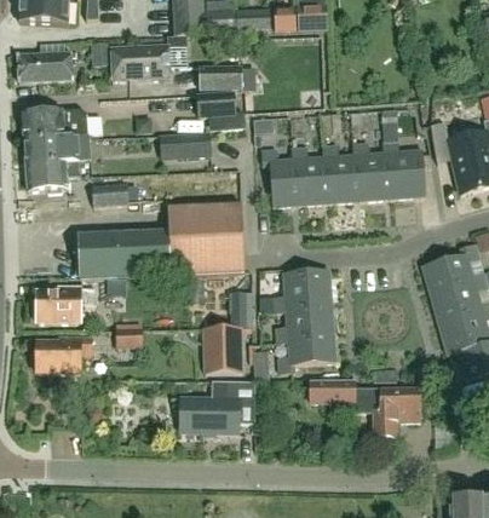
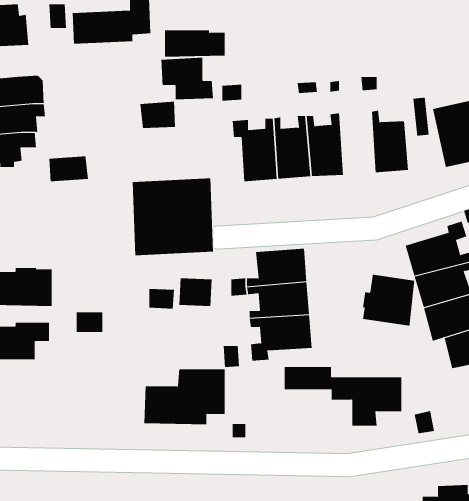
building: [362,142,395,201] -> none
building: [77,229,169,278] -> none
building: none -> [362,274,415,327]
building: [201,327,243,373] -> none

